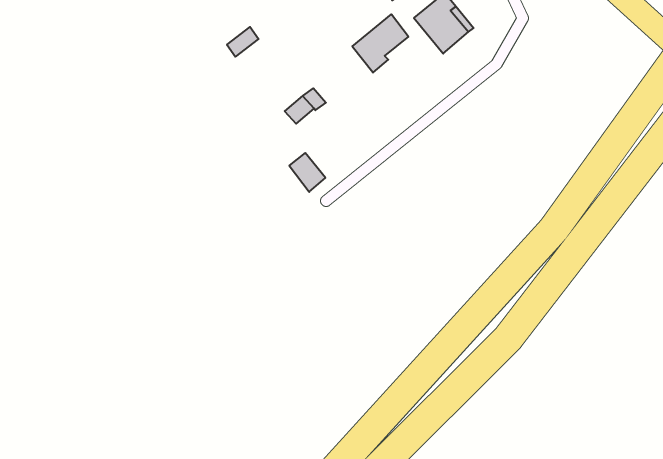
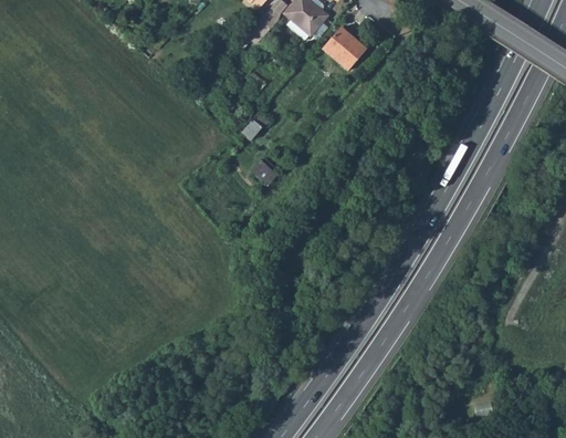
building: [352,14,408,73] -> none

